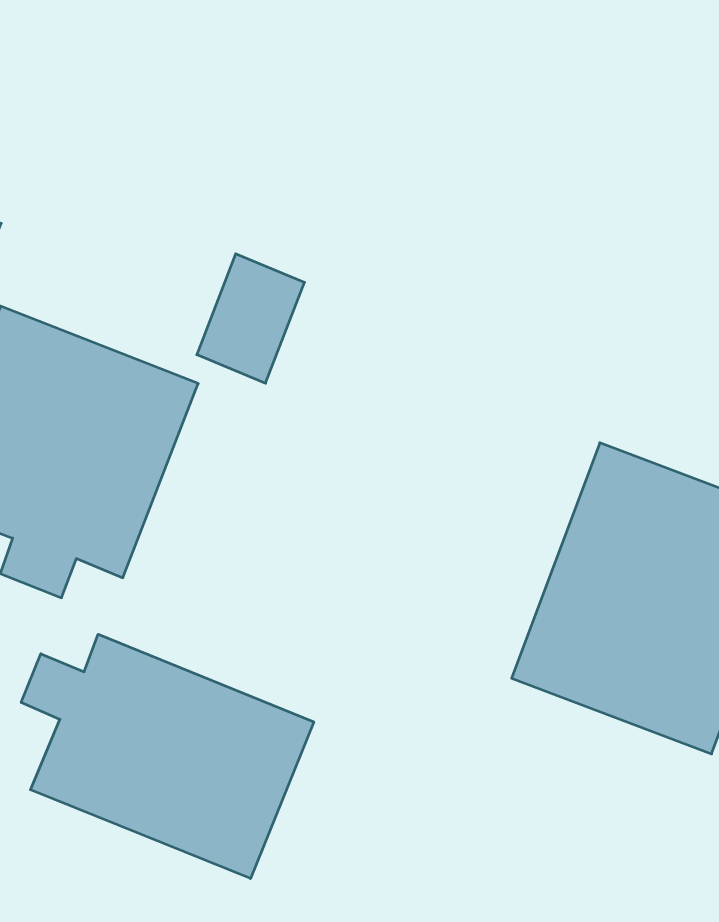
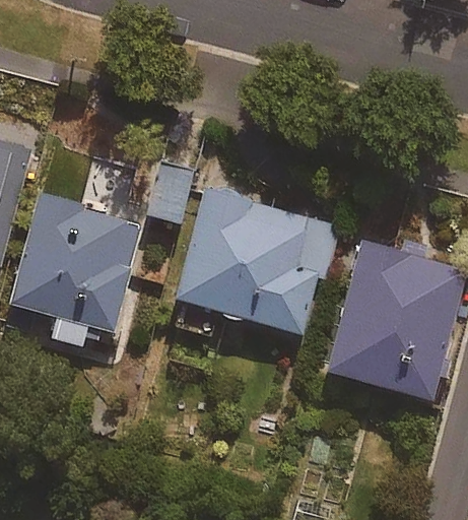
building: none -> [173,186,319,335]
building: [21,634,314,879] -> none

